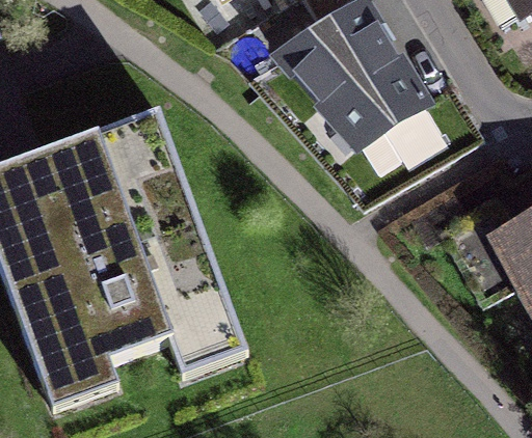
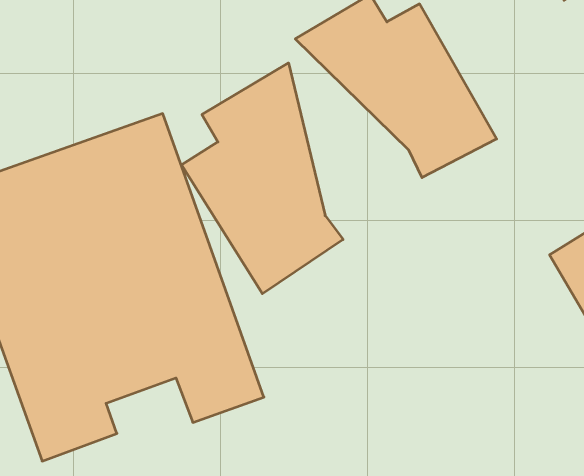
building: none -> [182,63,343,294]

